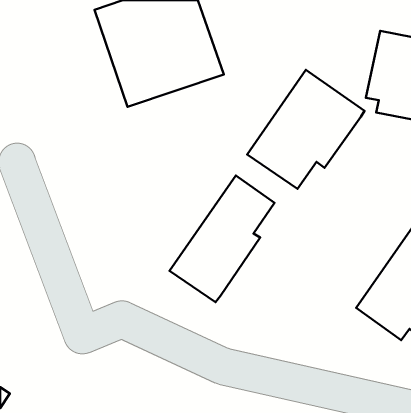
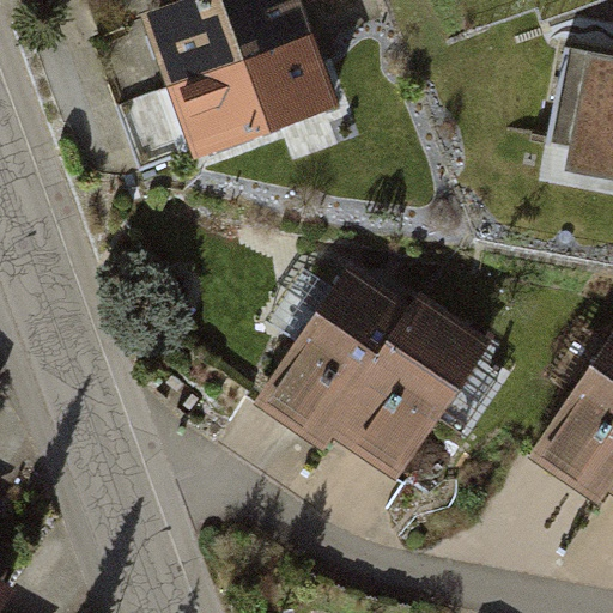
building: [247,70,365,189] -> none
building: none -> [329,289,494,484]

